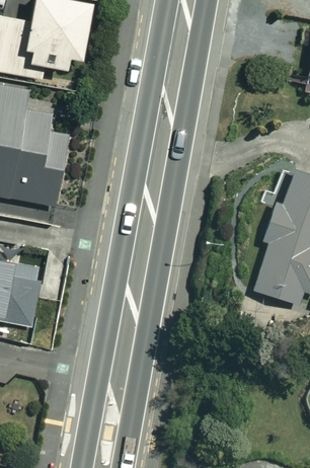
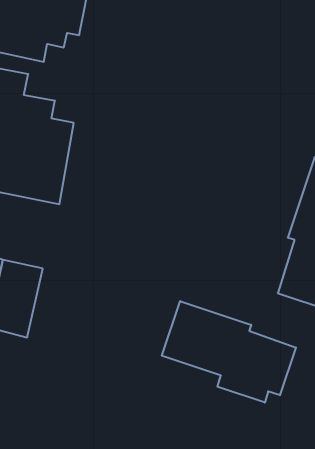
building: none -> [162,301,296,403]

